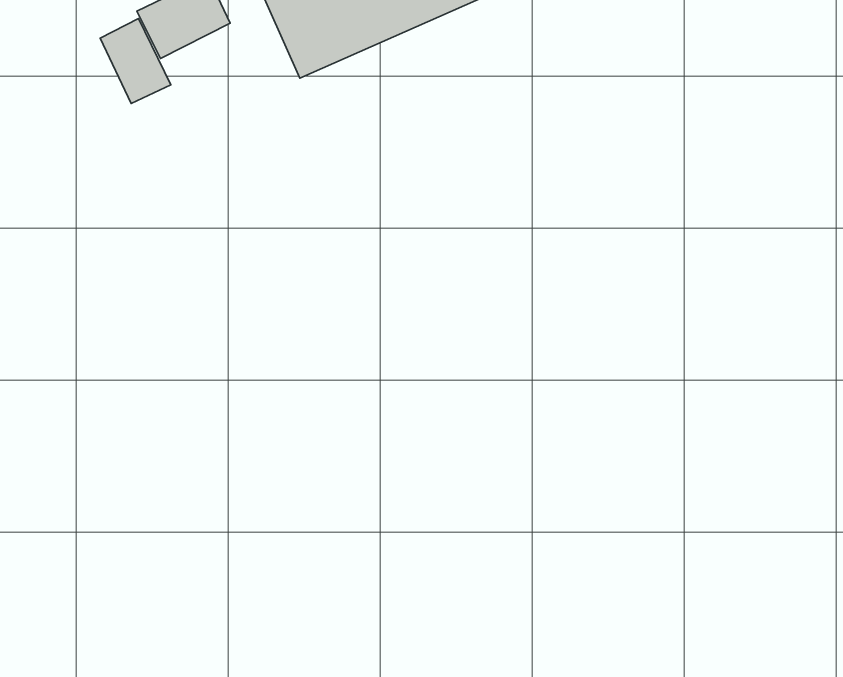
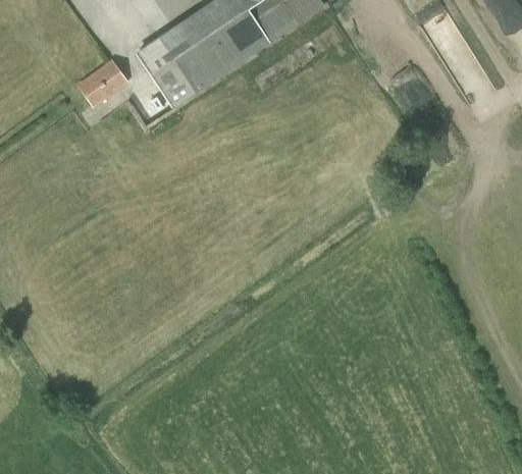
building: [100,19,171,103] -> none

